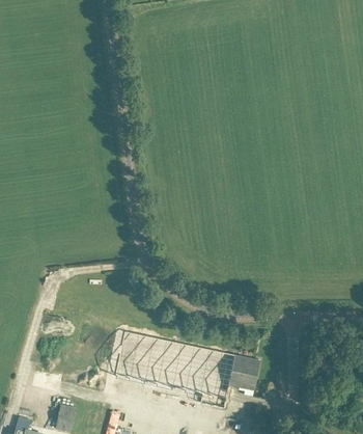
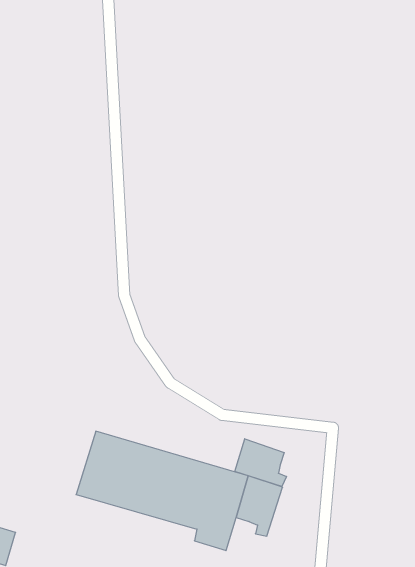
building: none -> [235,439,286,487]

